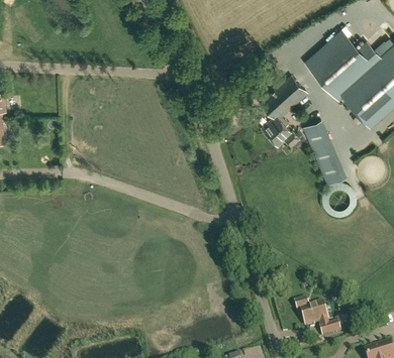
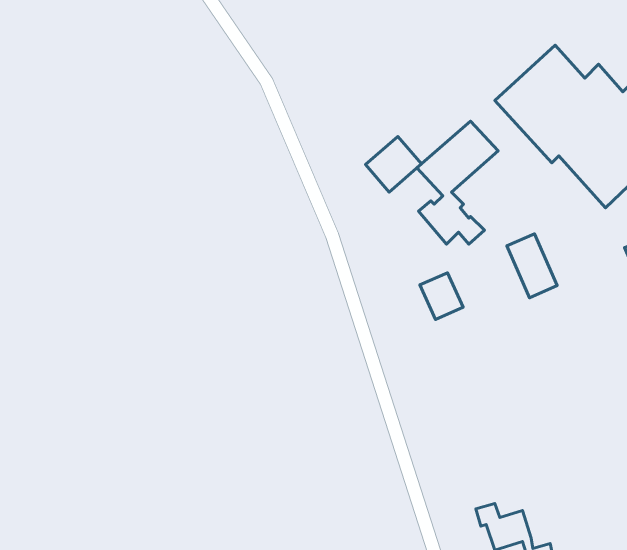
building: none -> [365,136,422,192]
building: [304,122,329,149] -> [420,273,463,319]

